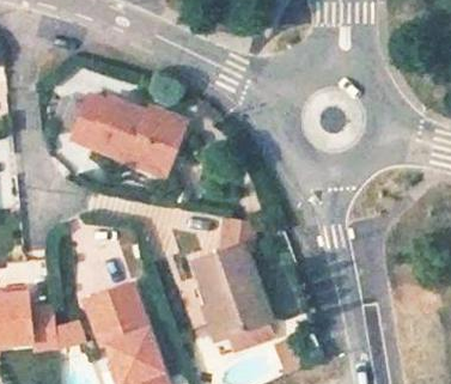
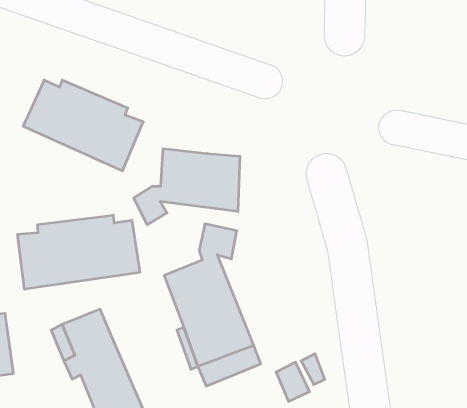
building: none -> [134,149,240,225]
building: none -> [18,215,140,289]

